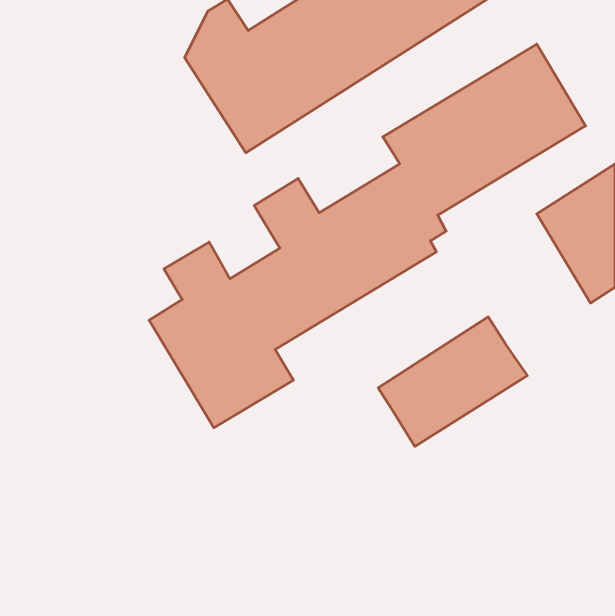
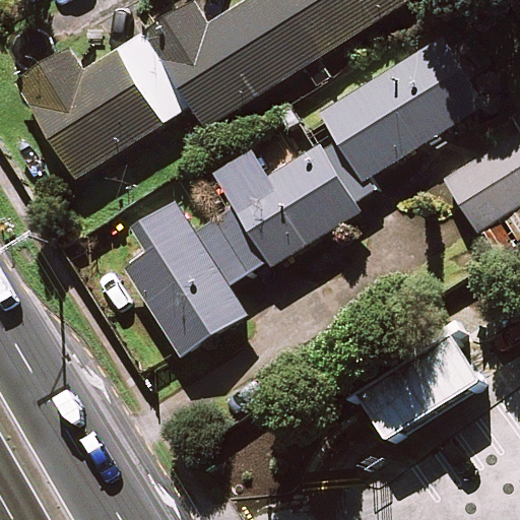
building: none -> [15,35,185,179]
building: [378,317,527,446] -> [356,332,480,440]

